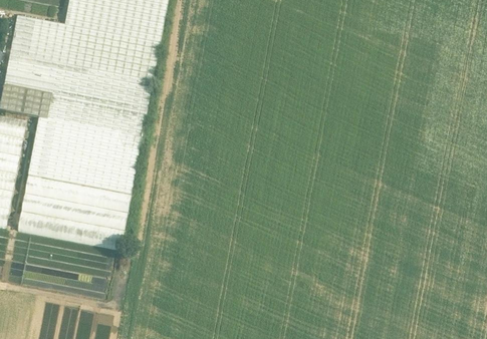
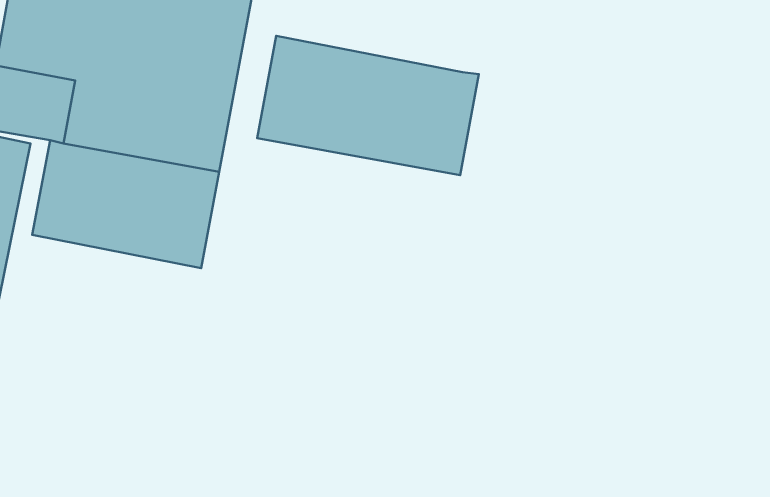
building: none -> [257,36,479,175]
building: [17,171,131,245] -> none

